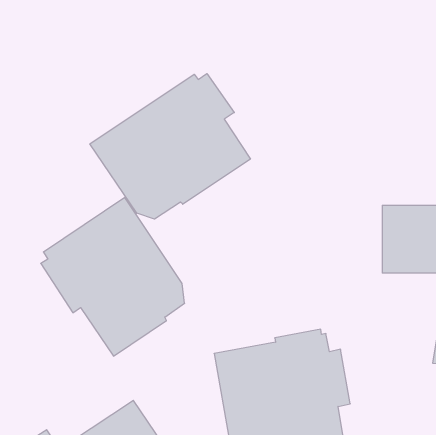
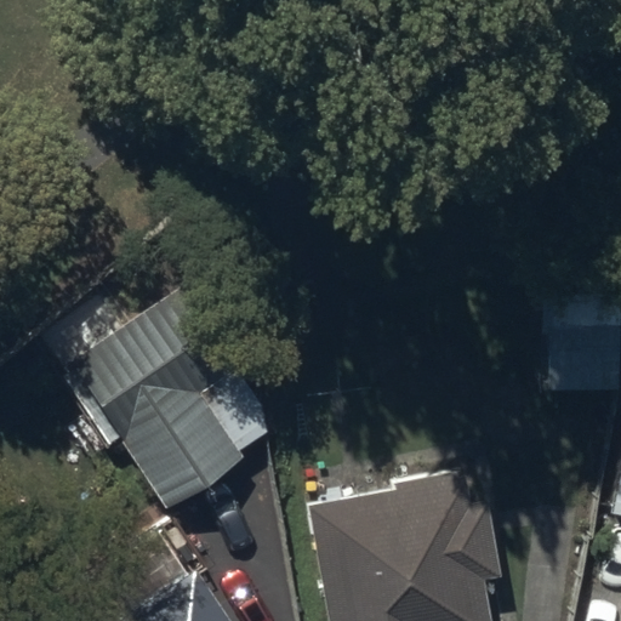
building: [90,74,250,219] -> none

